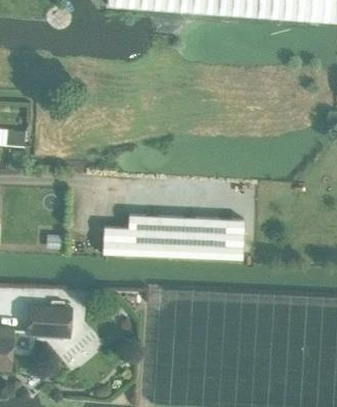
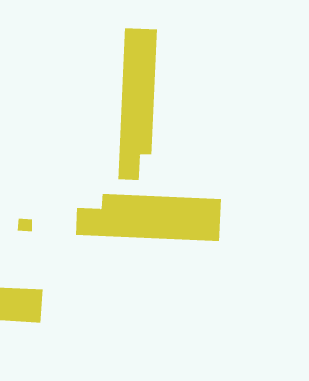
building: none -> [118,28,157,181]

